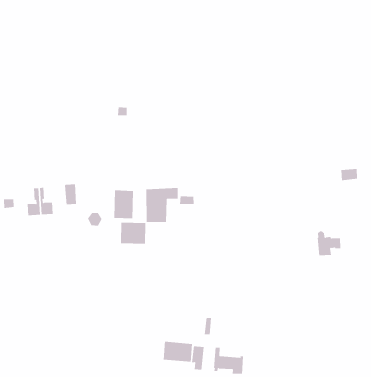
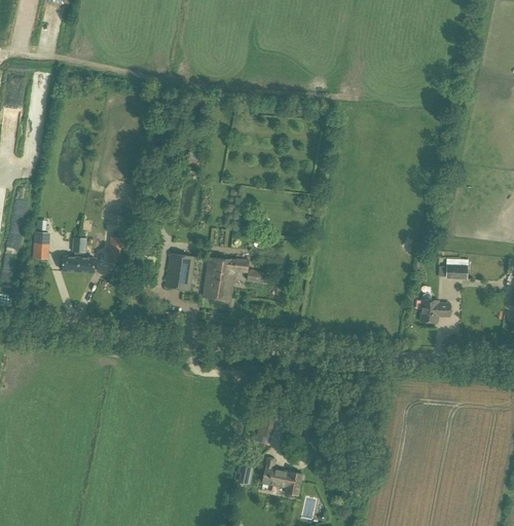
building: [121,222,146,244] -> none
building: [317,231,341,256] -> [419,292,449,323]
building: [163,341,193,363] -> none

